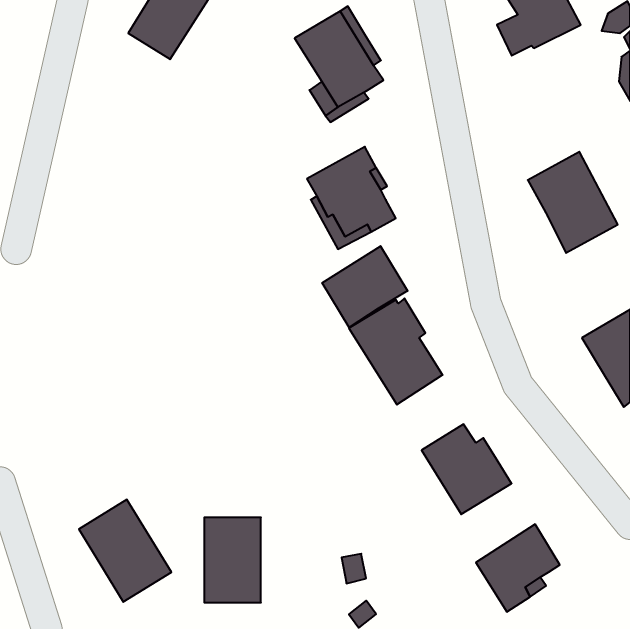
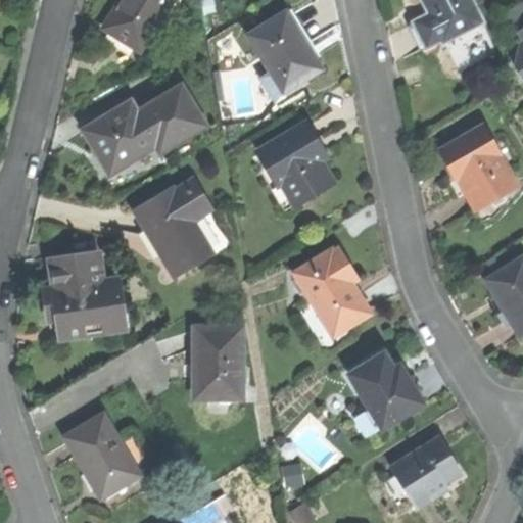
building: none -> [85,87,206,176]
building: none -> [137,184,211,275]
building: [322,246,408,328] -> none
building: none -> [46,255,127,339]
building: [204,517,261,603] -> [197,327,244,397]

